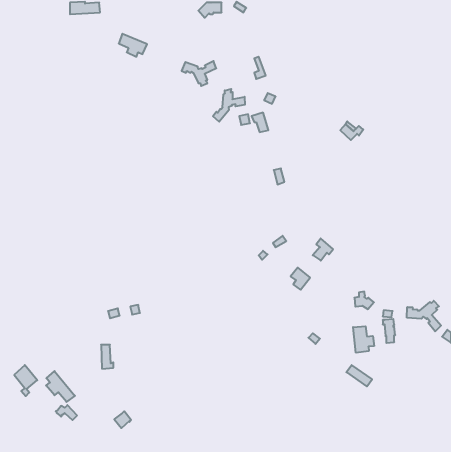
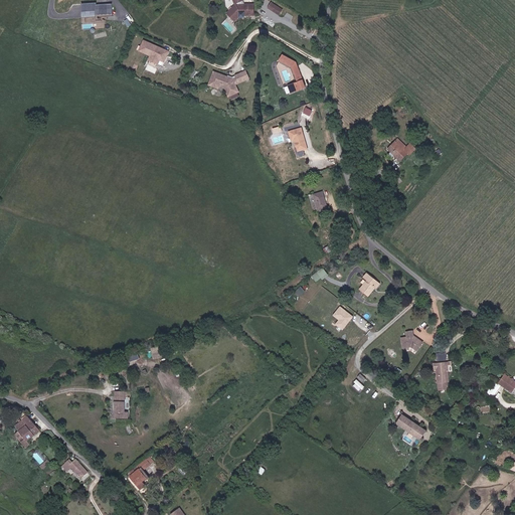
building: [213,89,245,122] -> none
building: [407,301,441,331] -> none
building: [353,326,374,353] -> none
building: [46,371,75,402] -> none

